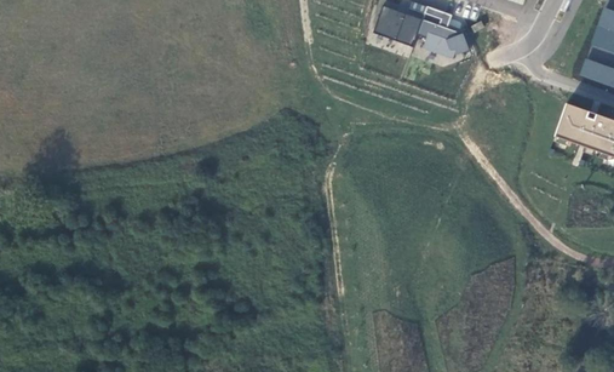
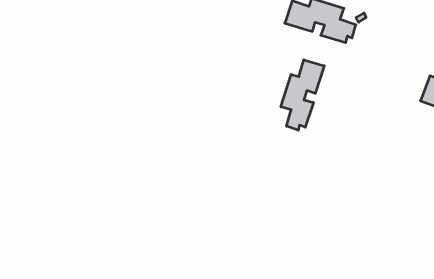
building: none -> [281,60,324,130]

